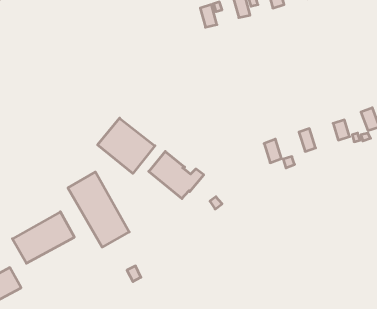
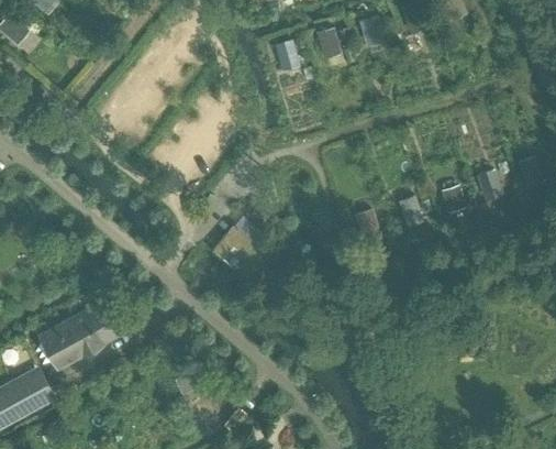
building: [98,118,155,173] -> none
building: [68,172,129,247] -> none

